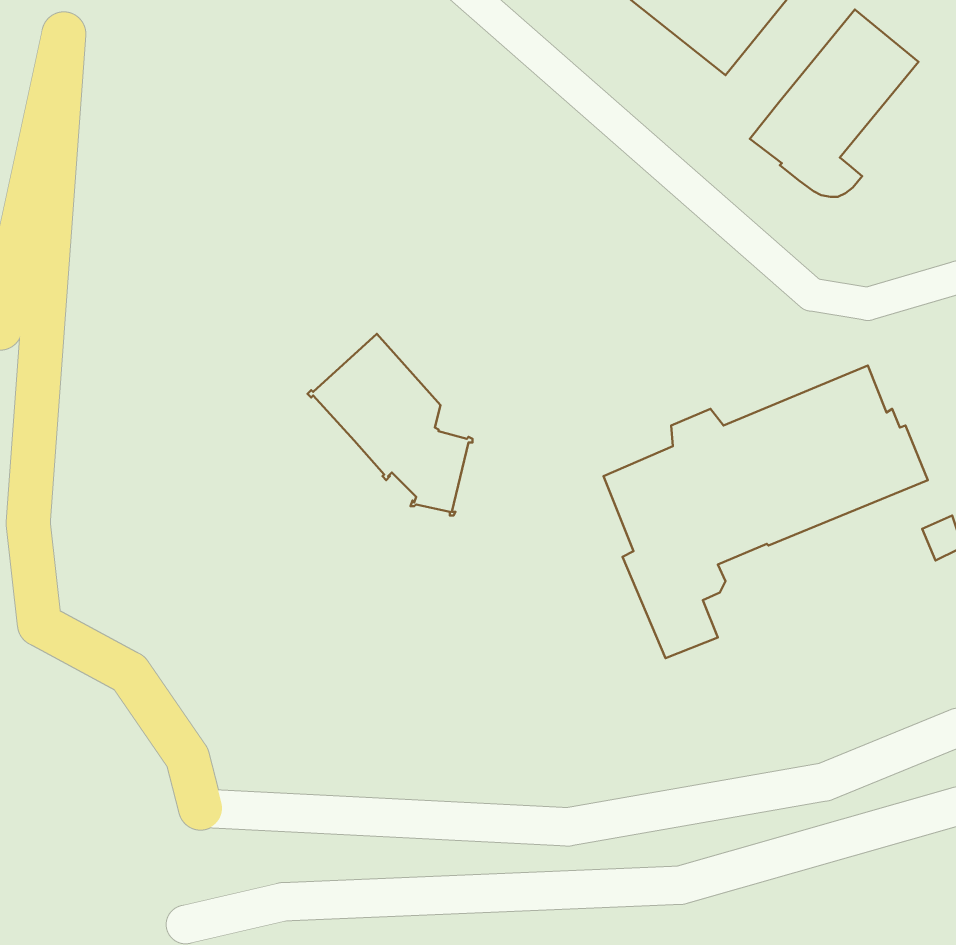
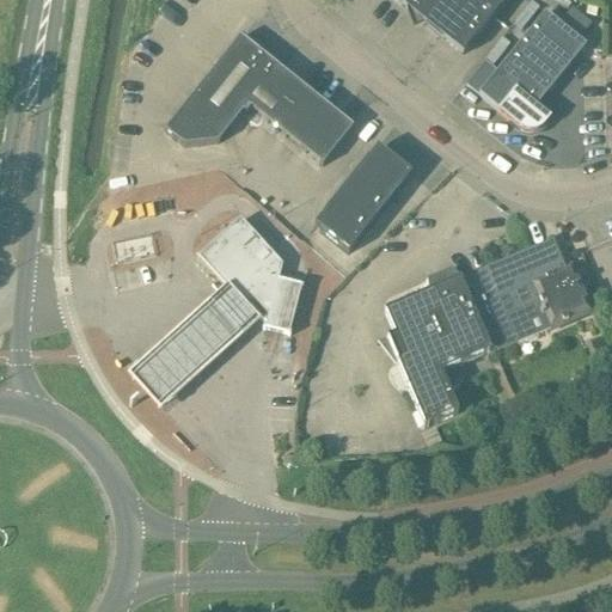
building: none -> [165,31,353,159]
building: none -> [314,140,412,246]
building: none -> [128,283,256,408]

